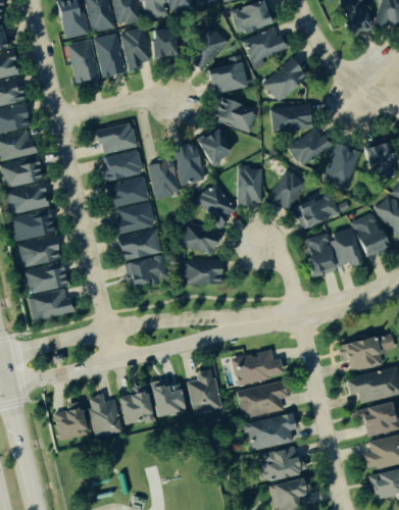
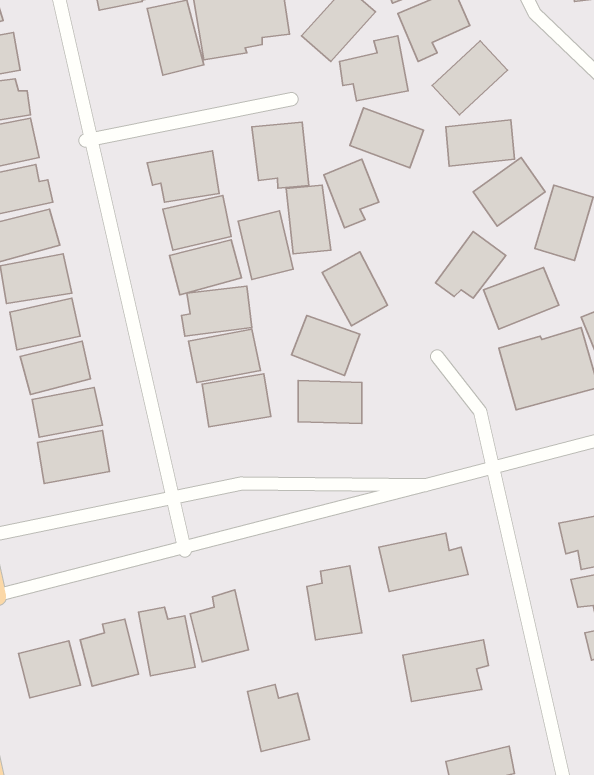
building: [67,39,101,84] -> none
building: none -> [252,122,309,188]
building: [238,166,263,204] -> none
building: [150,378,187,418] -> [248,684,309,751]
building: [237,380,289,419] -> none
building: none -> [18,641,80,698]
building: [262,447,306,479] -> none

